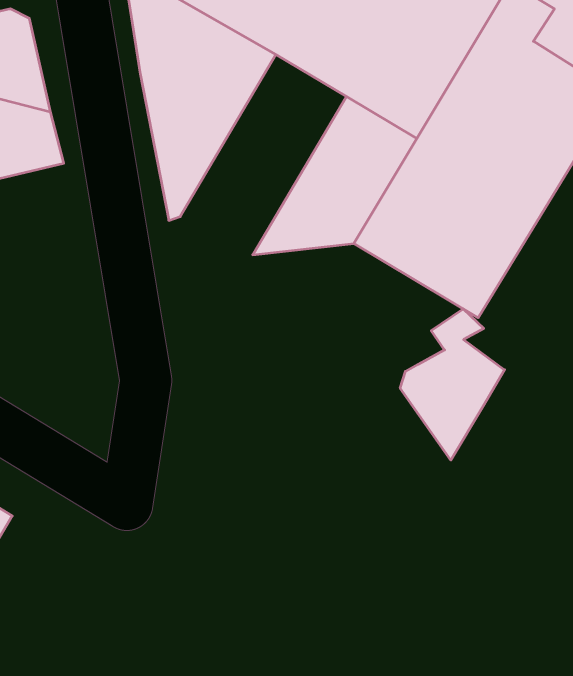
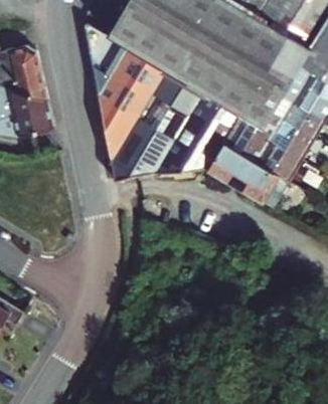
building: none -> [108,67,201,178]
building: [400,309,505,460] -> none

